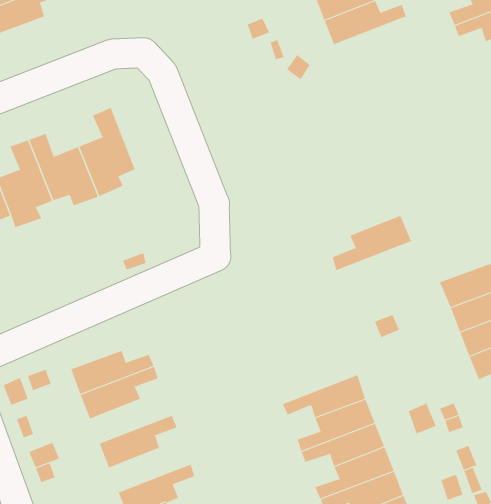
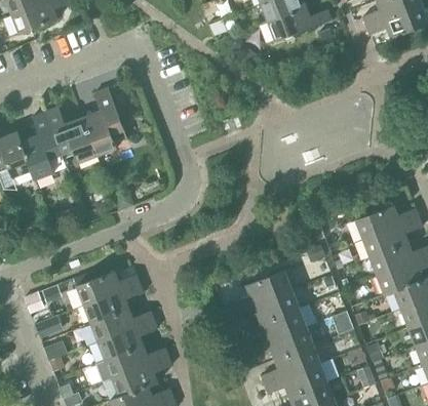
building: [332,215,412,271] -> [233,270,294,312]
building: none -> [90,308,153,341]
building: none -> [95,344,167,381]

